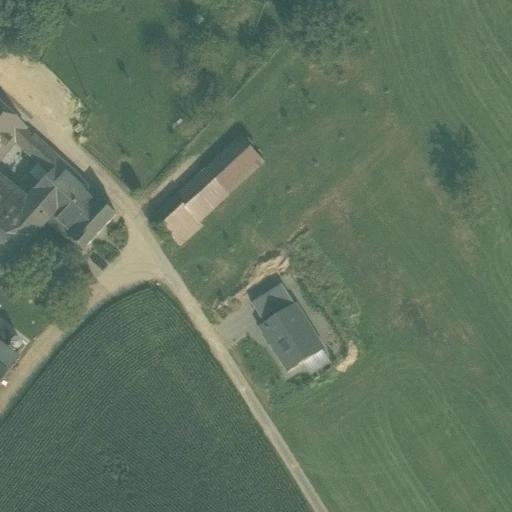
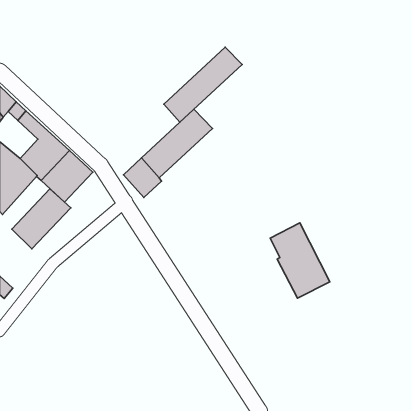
building: none -> [164,47,242,122]
building: none -> [12,189,71,249]
building: [252,279,326,372] -> [270,223,330,298]

